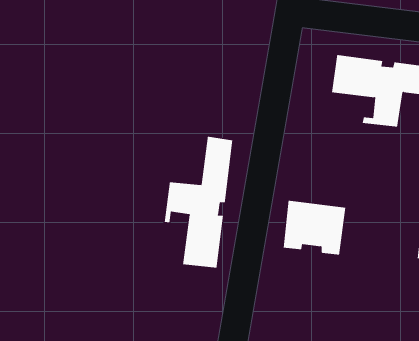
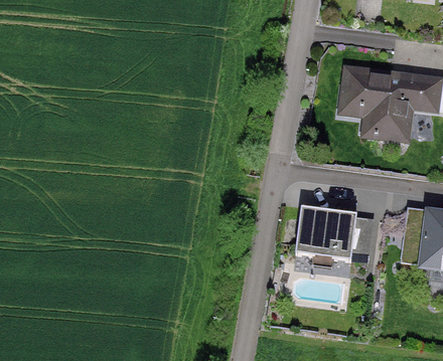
building: [164,136,233,269] -> none

